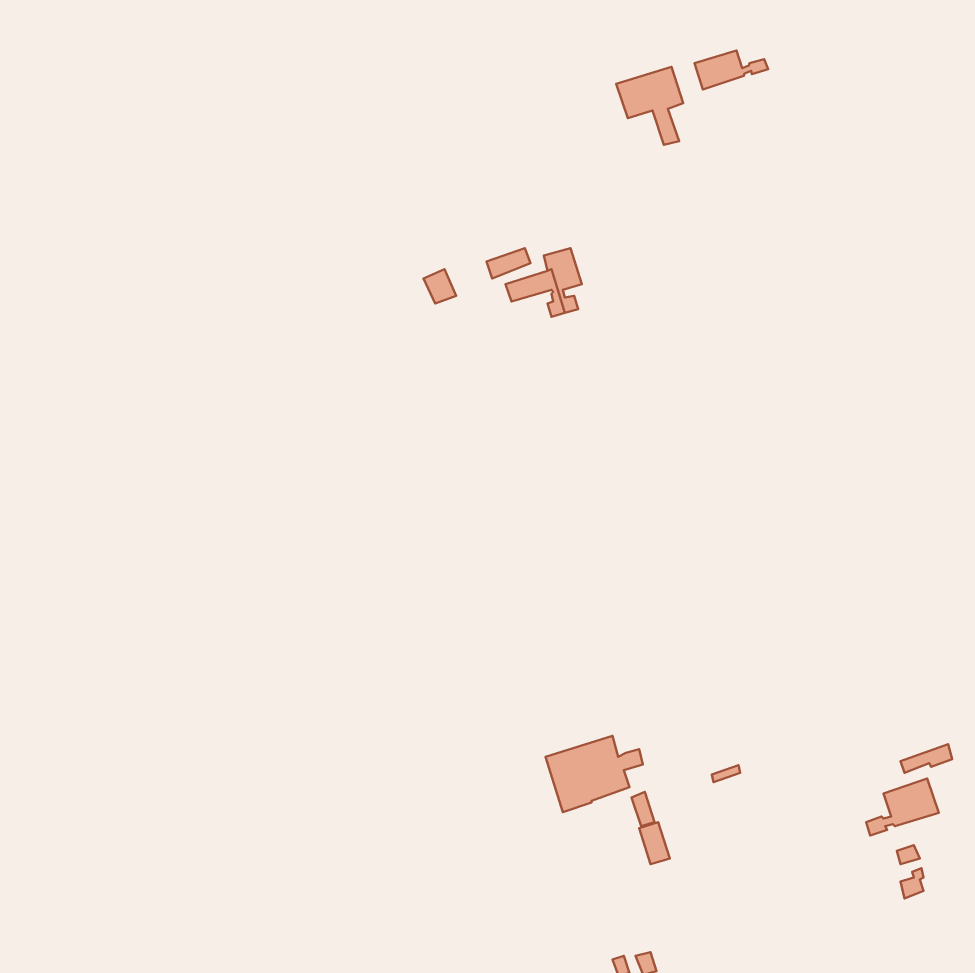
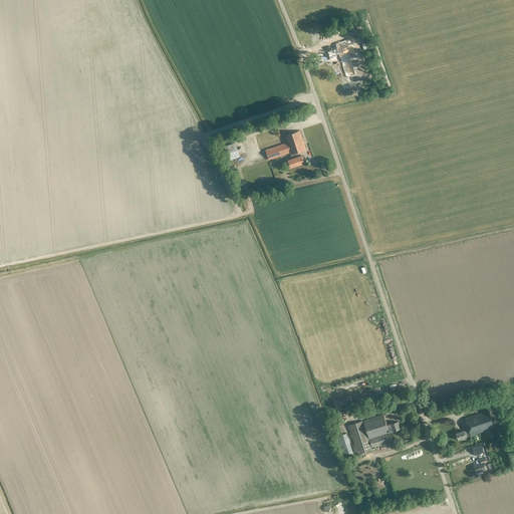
building: [694,50,768,90] -> none
building: [546,736,643,812] -> [348,415,400,455]

